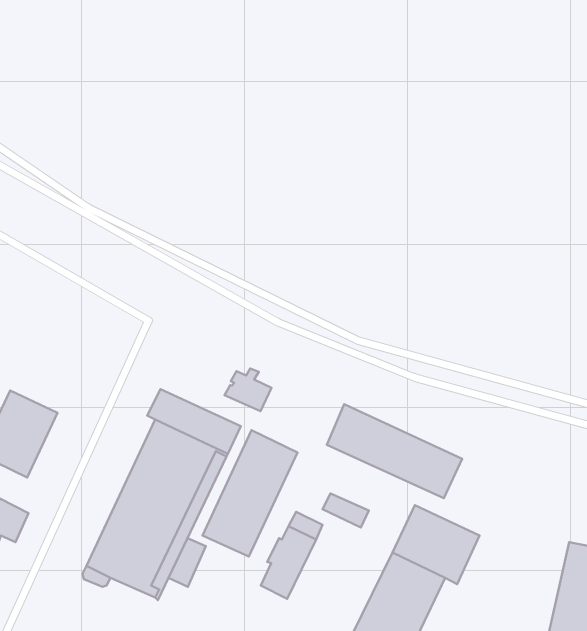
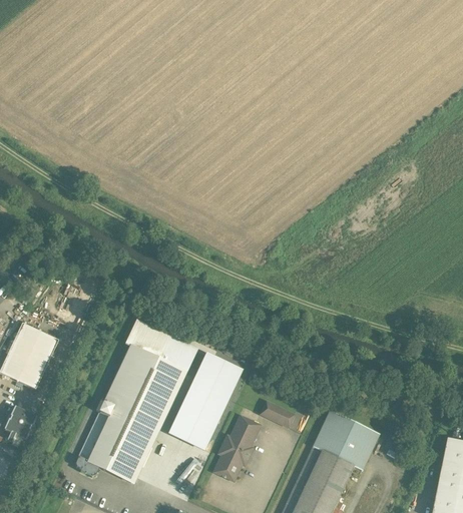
building: [224,368,272,411] -> none
building: [327,404,462,498] -> none
building: [168,538,206,587] -> none

